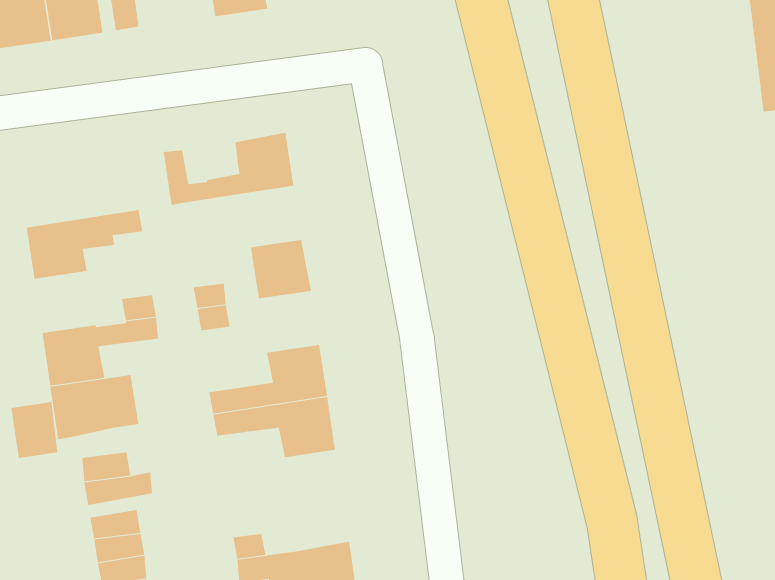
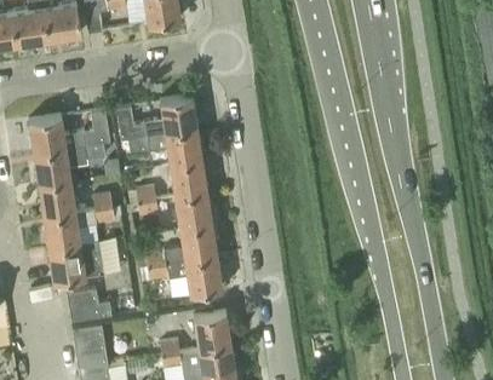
building: none -> [28,110,108,154]
building: none -> [127,128,201,166]
building: none -> [38,180,75,218]
building: none -> [174,192,212,230]
building: [11,401,58,459] -> none
building: none -> [193,312,230,351]

